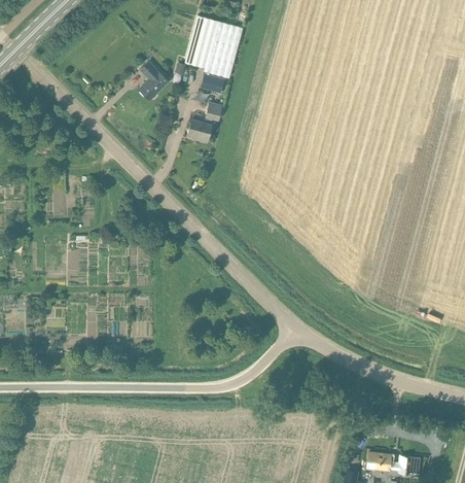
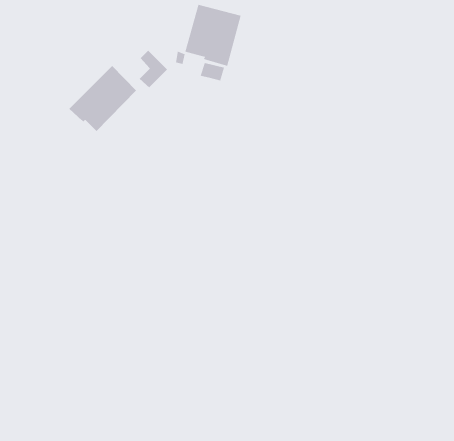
building: none -> [69,65,137,132]
building: [188,102,223,142] -> none

